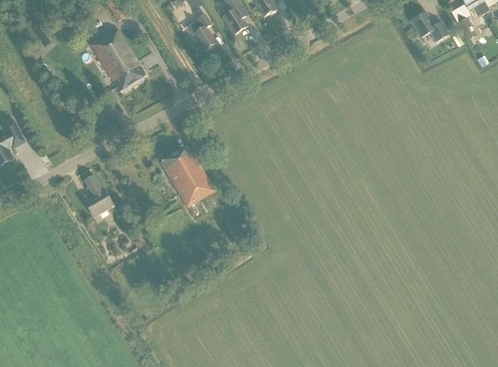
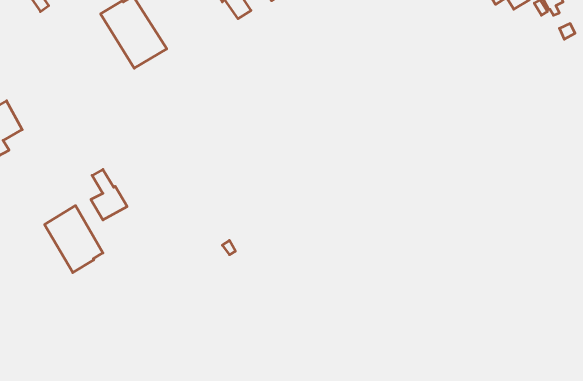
building: [160,144,214,206] -> none
building: none -> [45,206,103,273]

